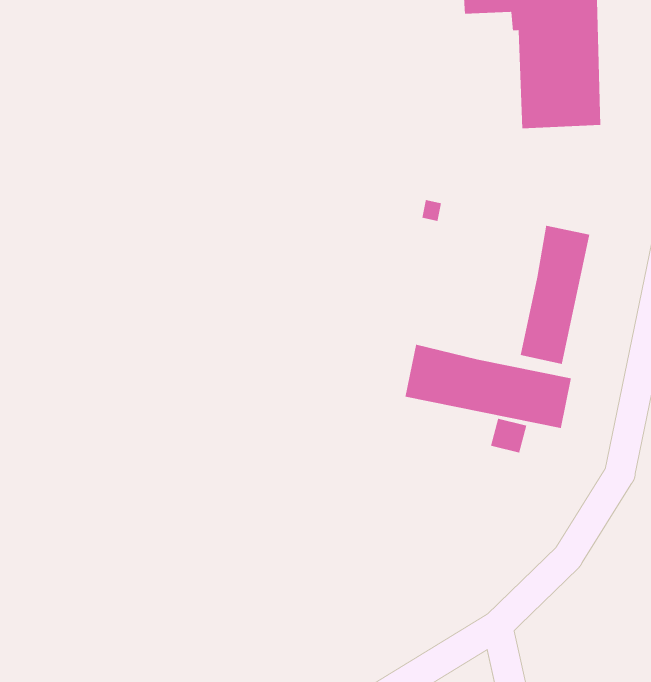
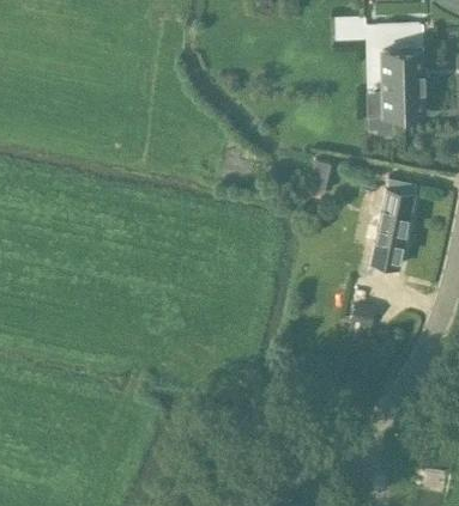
building: [405,344,571,429] -> none

